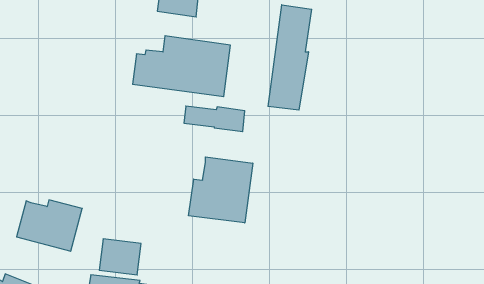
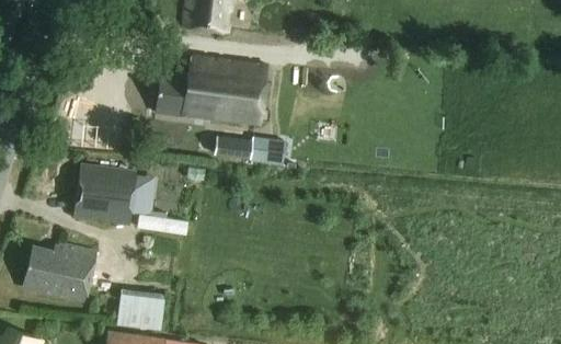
building: [268,5,312,110] -> none
building: none -> [75,162,156,222]
building: [189,157,253,223] -> none

